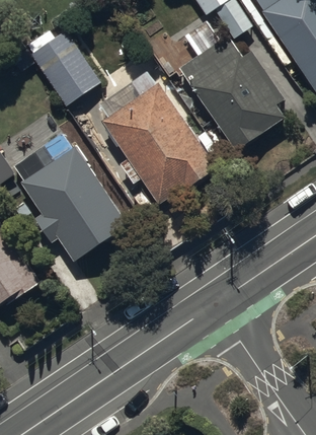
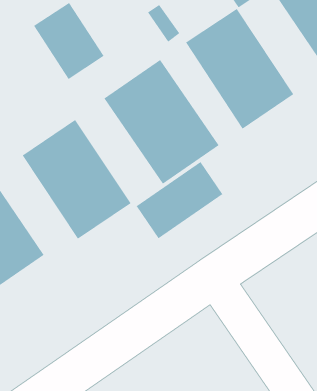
building: none -> [136,161,223,239]

